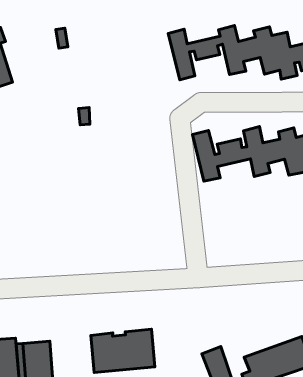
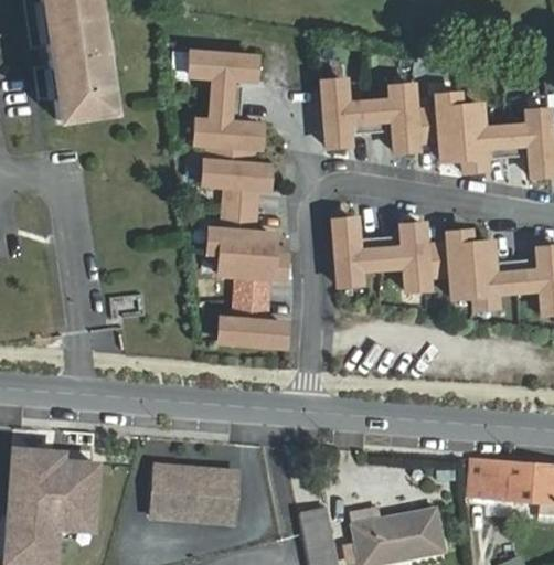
building: none -> [190,52,288,348]

